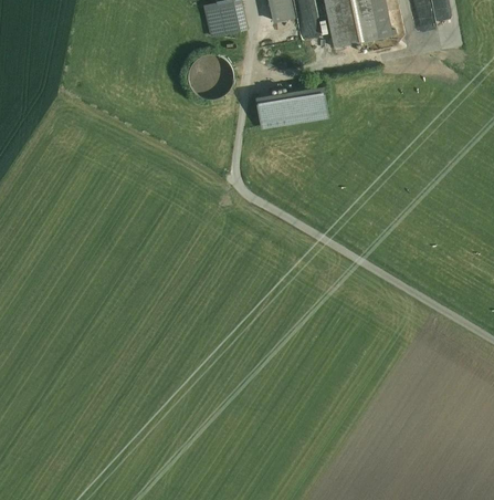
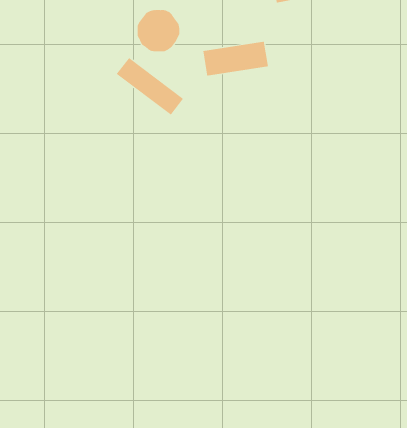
building: none -> [116,57,184,115]

